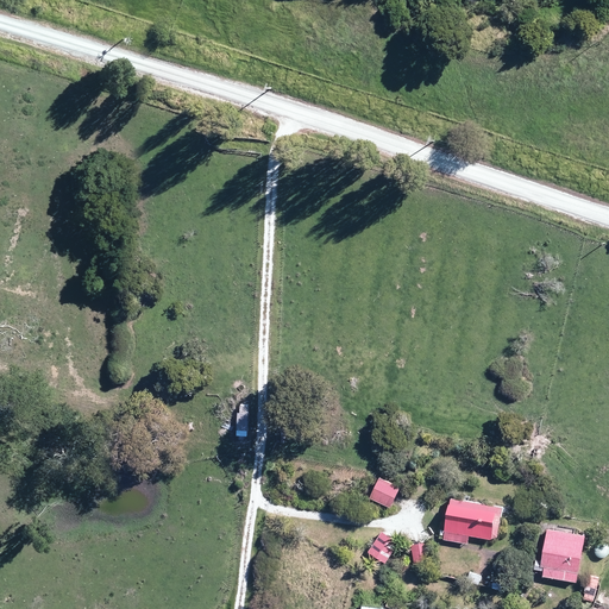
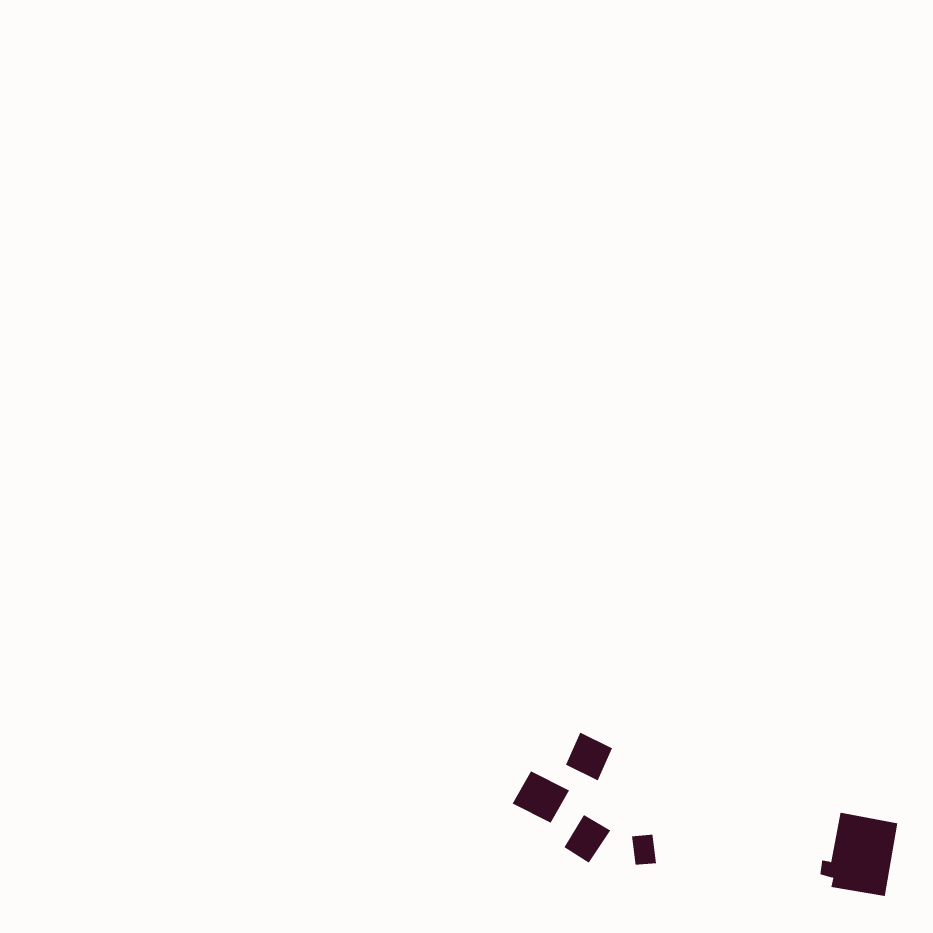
building: [442,498,501,542] -> none
building: none -> [512,771,570,823]

